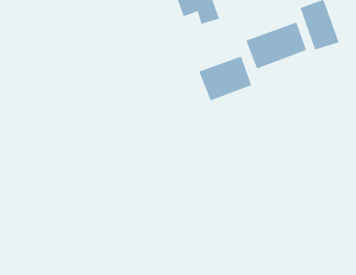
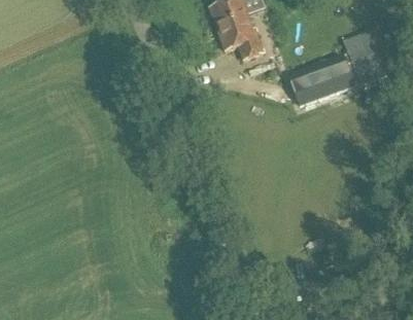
building: [199,56,252,101] -> none

